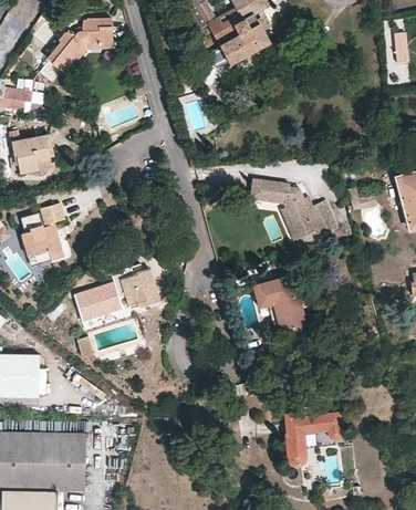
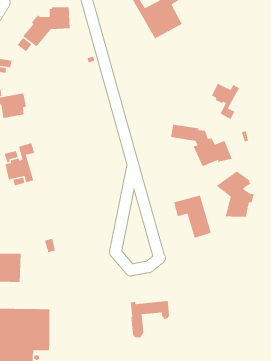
building: none -> [211,82,240,120]
building: none -> [215,171,255,218]
building: [82,268,159,313] -> none
building: [285,414,341,466] -> [130,300,170,338]

